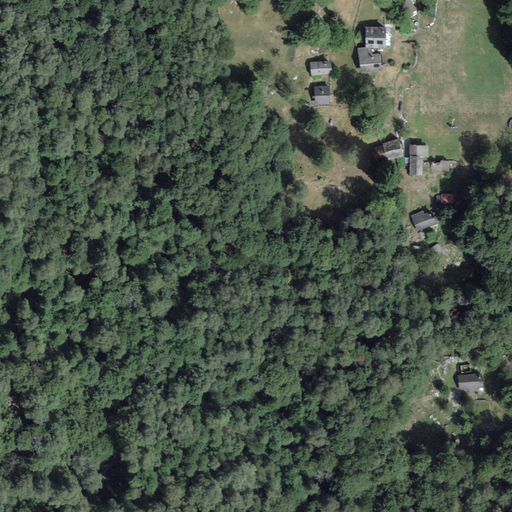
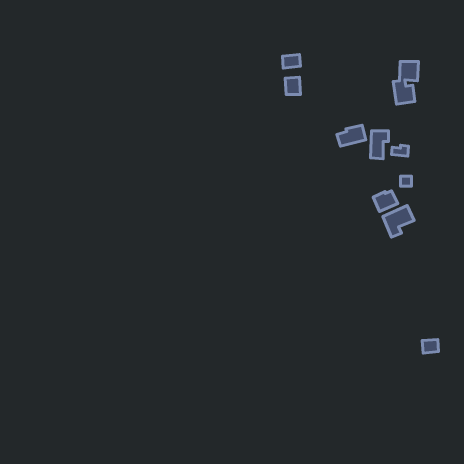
building: [358,26,386,73] -> [393,62,418,104]
building: none -> [383,206,414,237]

